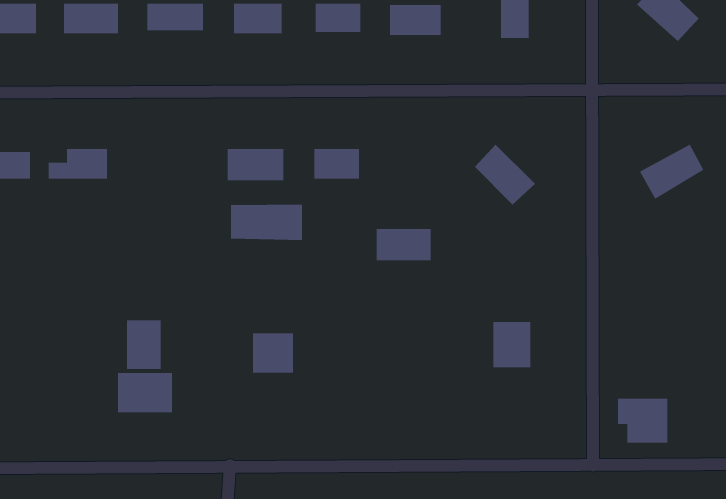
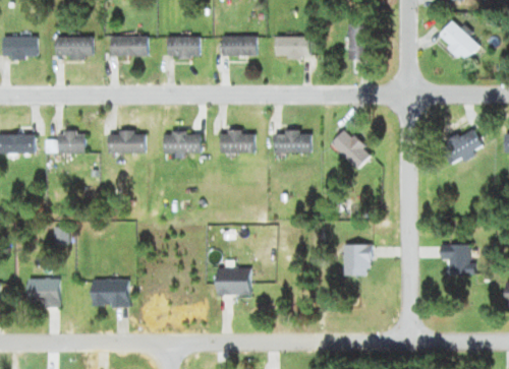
building: none -> [111,131,148,152]
building: [230,204,303,241] -> none
building: [376,228,431,261] -> [272,132,308,153]
building: [127,319,161,370] -> none
building: [252,333,294,373] -> [220,267,247,294]
building: none -> [31,278,61,304]
building: [617,398,668,443] -> [438,246,471,275]

